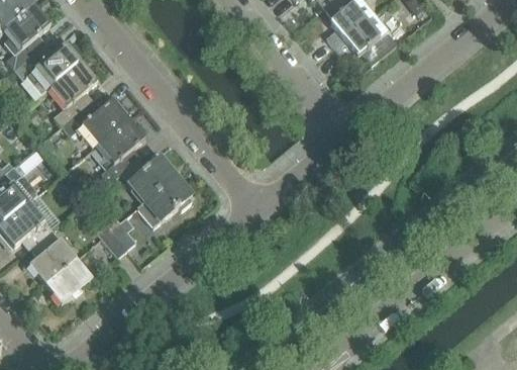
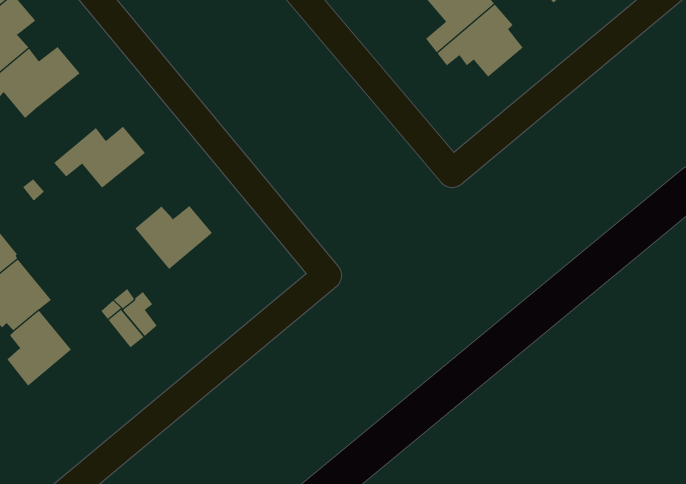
building: [48,61,96,124] -> none
building: [95,117,142,180] -> none
building: [136,174,190,226] -> none
building: [42,257,90,302] -> none

